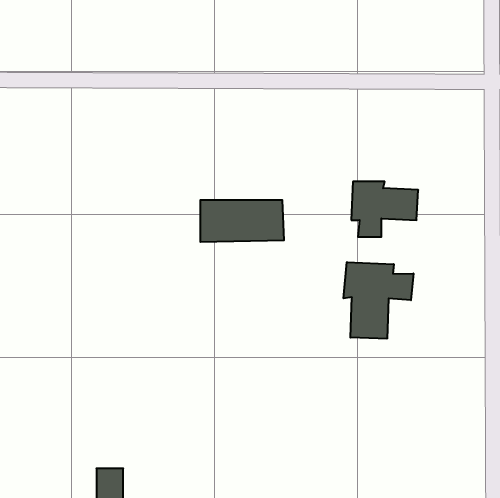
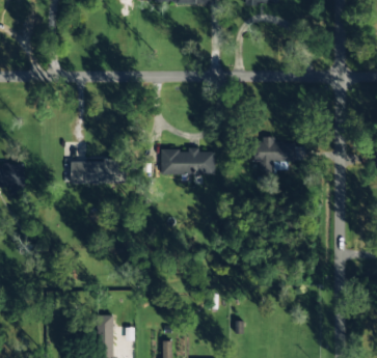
building: none -> [71,161,127,184]
building: [344,262,413,339] -> none

